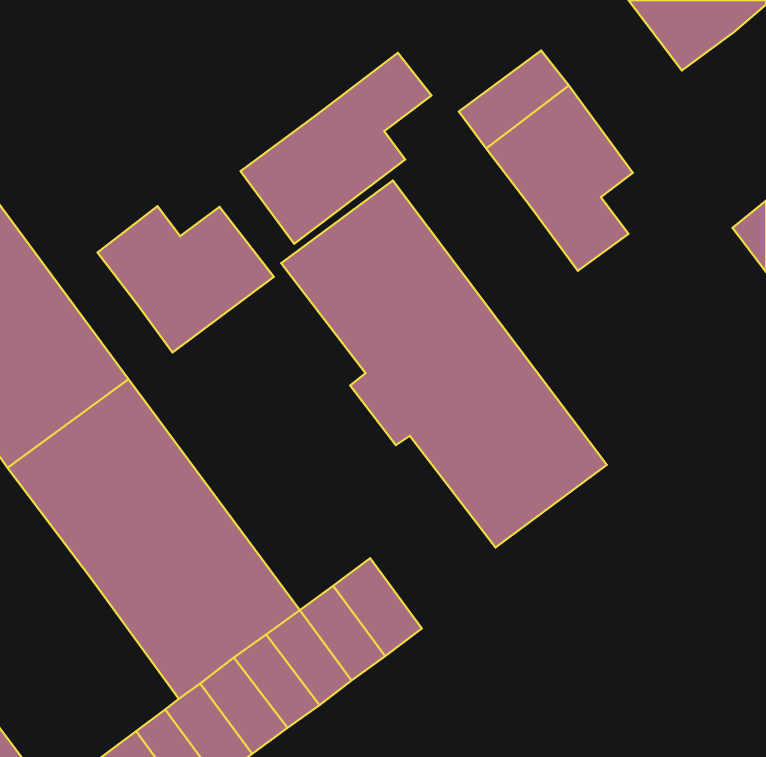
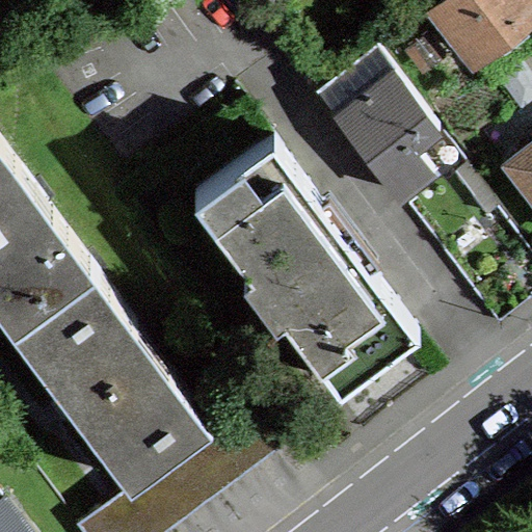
building: [241,53,431,244] -> none
building: [97,206,274,352] -> none

